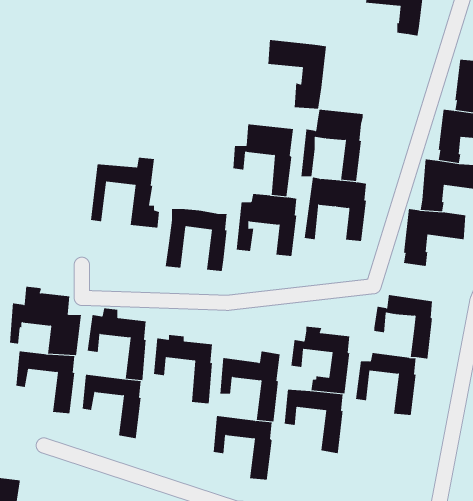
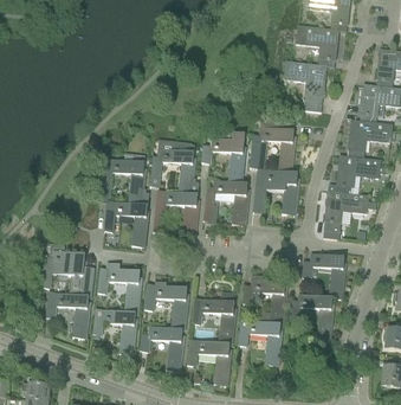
building: [267,39,327,109] -> [284,60,326,110]
building: none -> [149,140,199,193]
building: none -> [104,199,148,245]
building: none -> [140,326,183,371]

